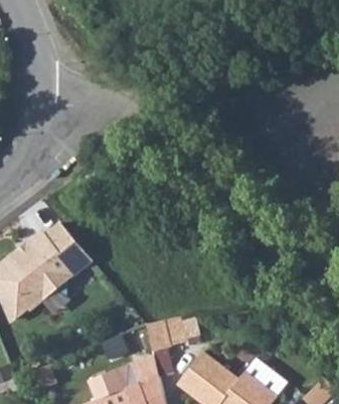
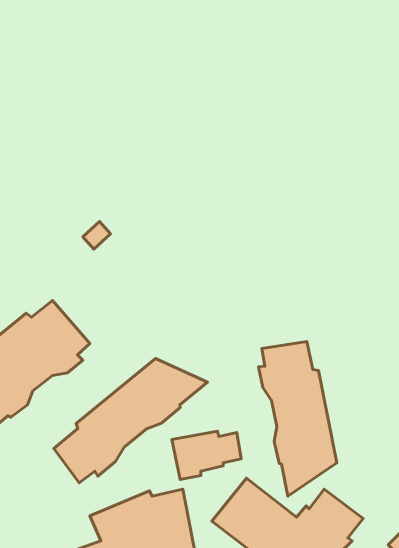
building: none -> [259,342,337,496]
building: none -> [54,359,208,483]

